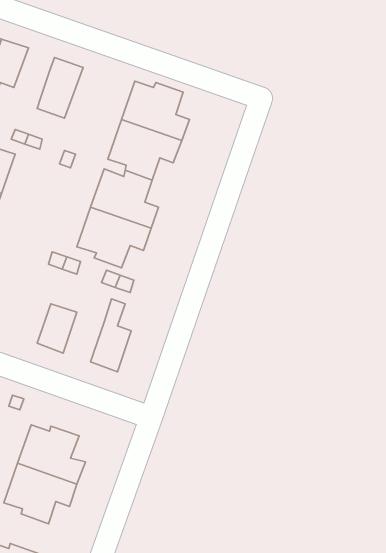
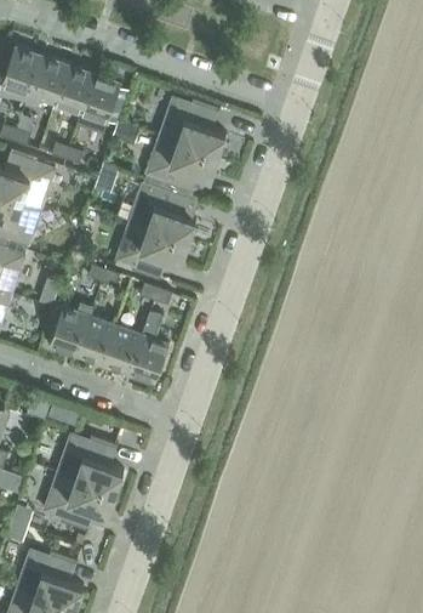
building: none -> [53,63,93,112]
building: none -> [48,303,92,353]
building: none -> [102,323,142,371]

